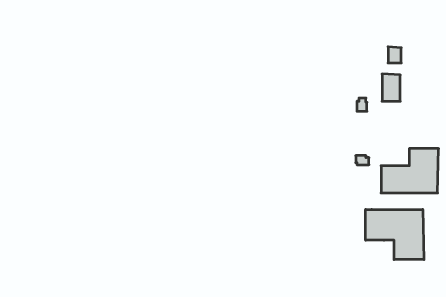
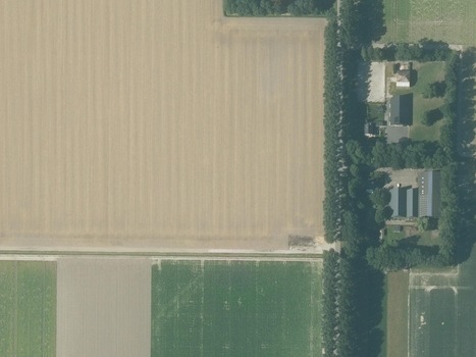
building: [366,209,424,260] -> none

